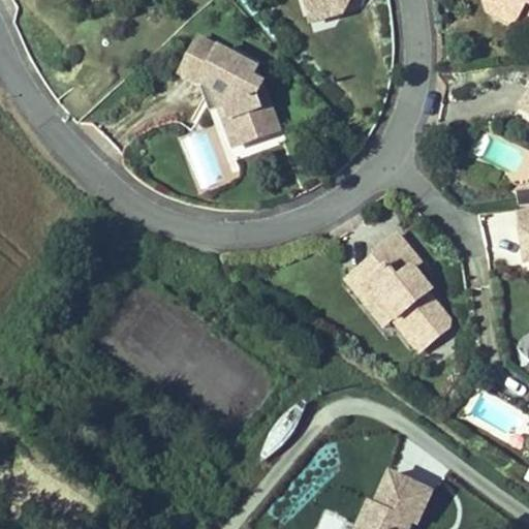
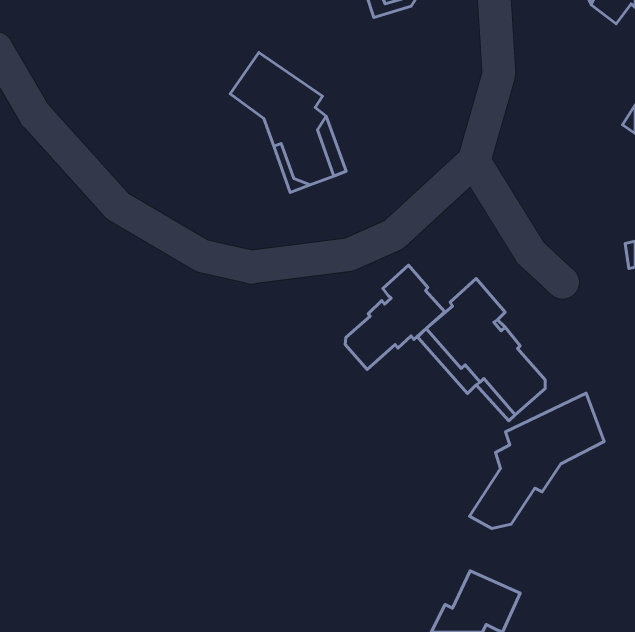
building: none -> [345,265,445,370]
building: none -> [469,393,604,529]

